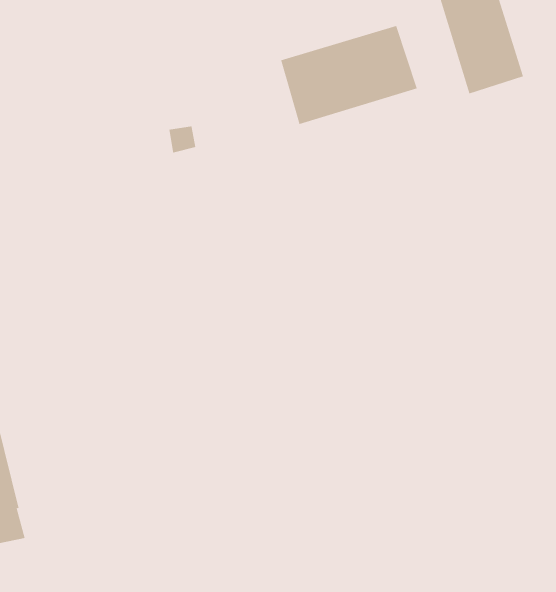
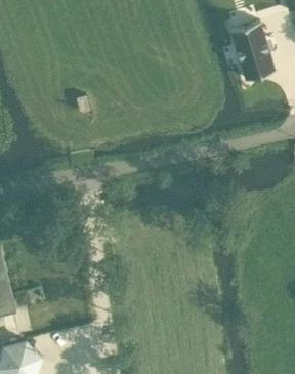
building: [280,25,417,125] -> none

